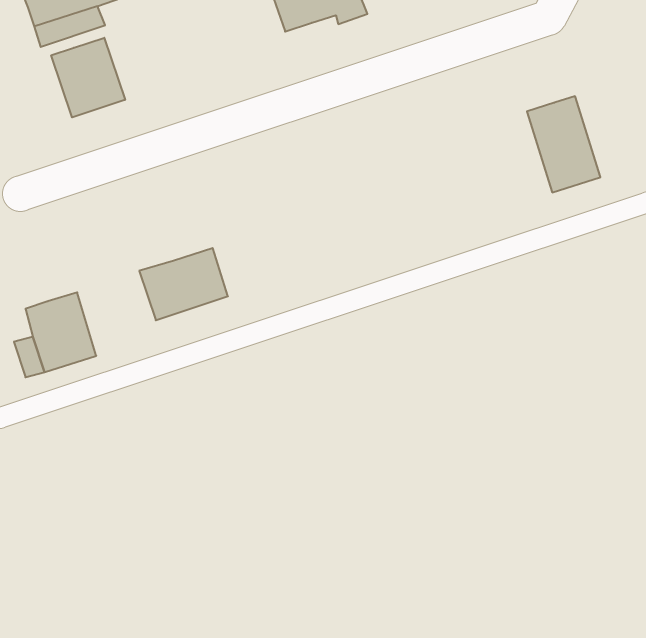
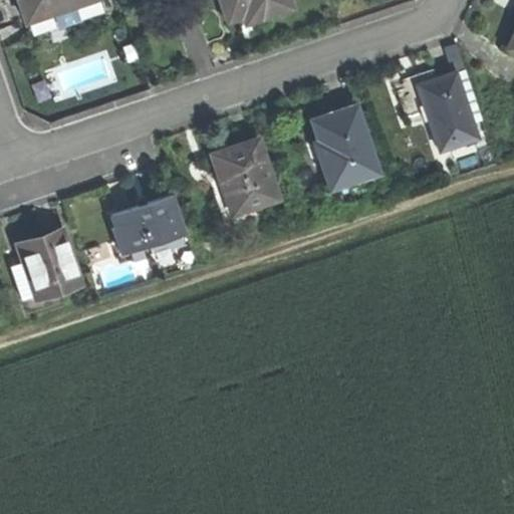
building: [51,38,125,117] -> none
building: none -> [312,104,377,188]
building: none -> [213,140,278,214]

